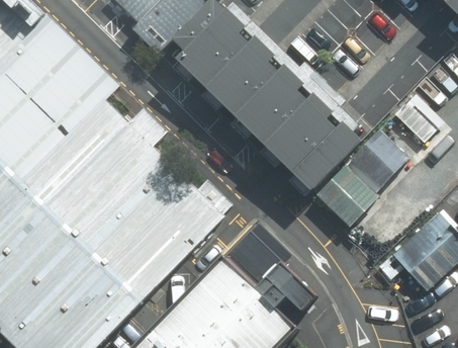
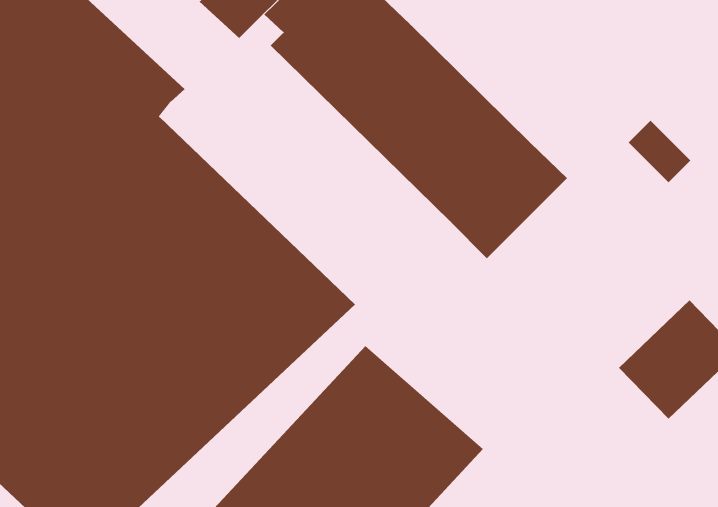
building: [315,128,413,228] -> none

